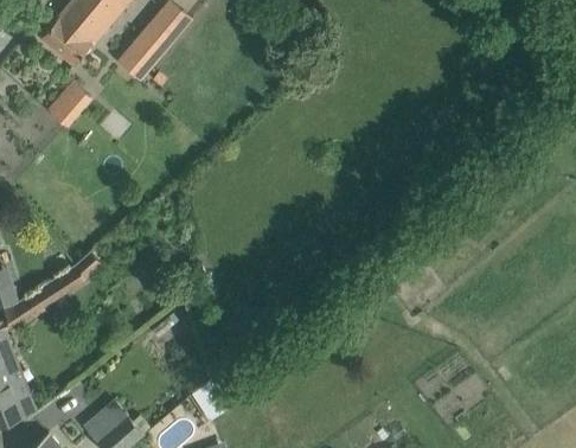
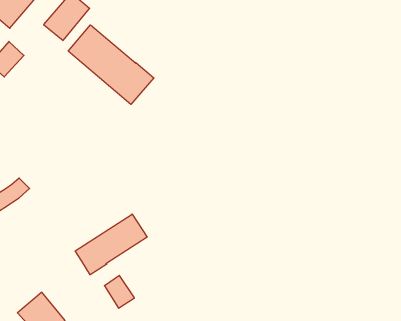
building: none -> [68,25,154,104]
building: none -> [75,214,147,275]

